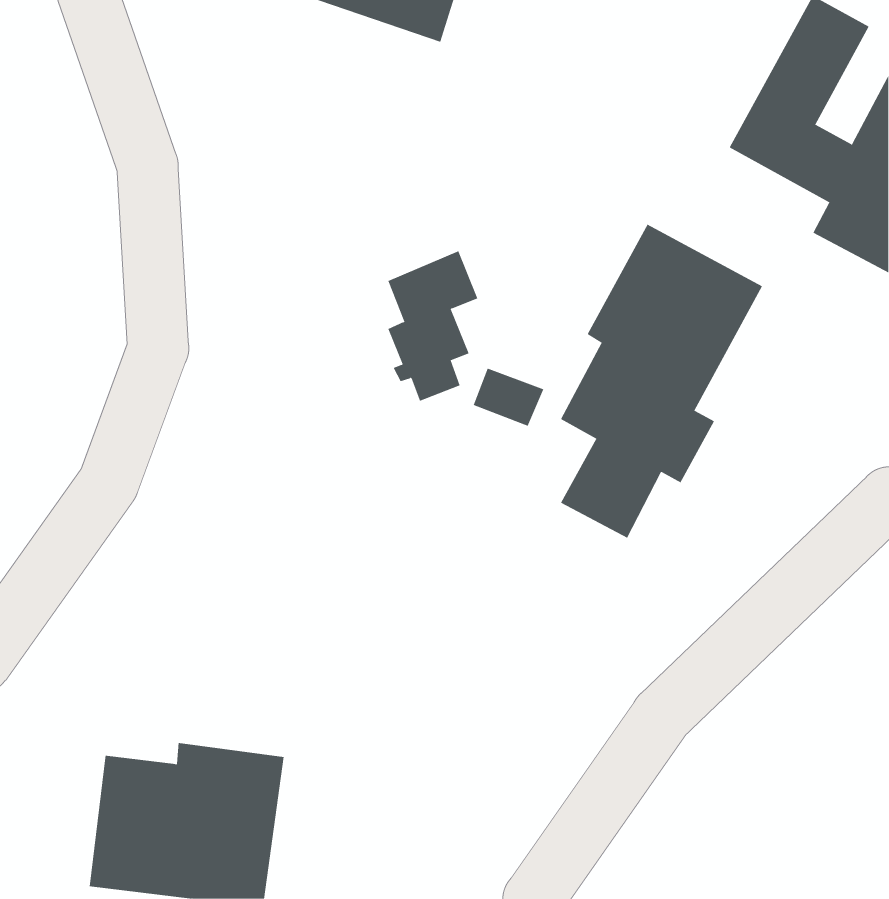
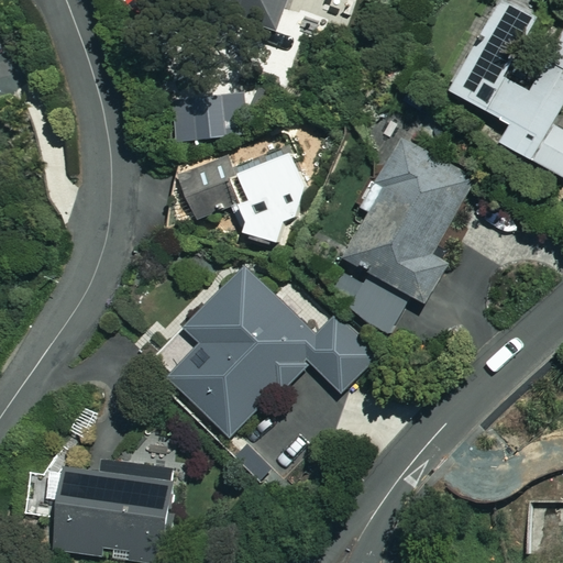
building: none -> [181,87,235,143]
building: none -> [179,158,233,217]
building: none -> [172,265,373,437]

